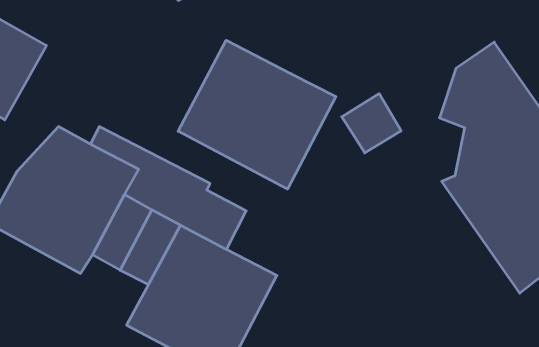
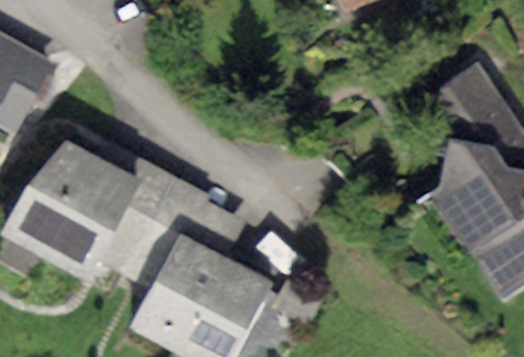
building: [178,40,336,189] -> none

